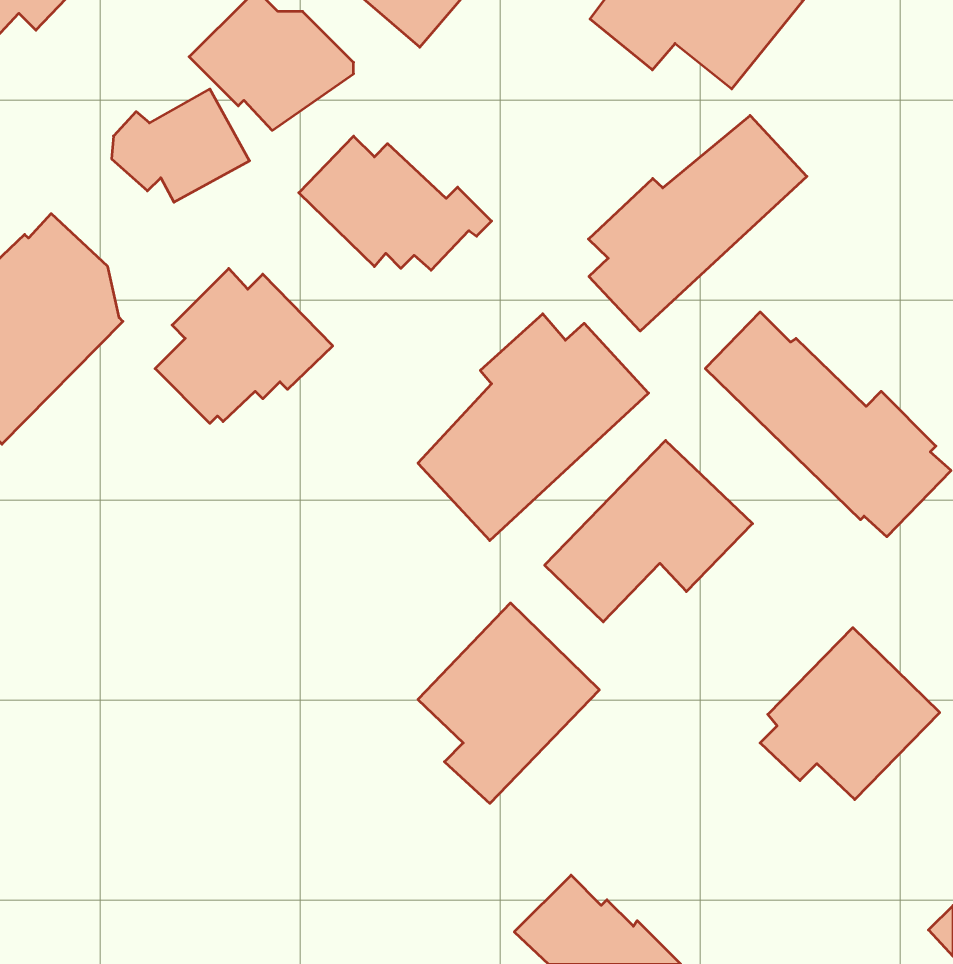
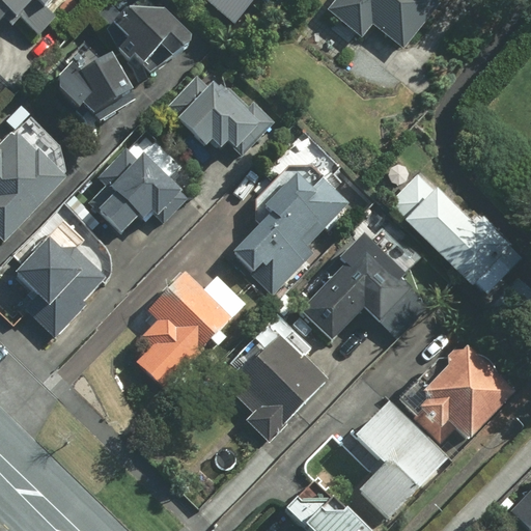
building: [588,115,807,331] -> none
building: none -> [15,234,107,338]
building: none -> [132,271,233,390]
building: none -> [353,399,449,516]

